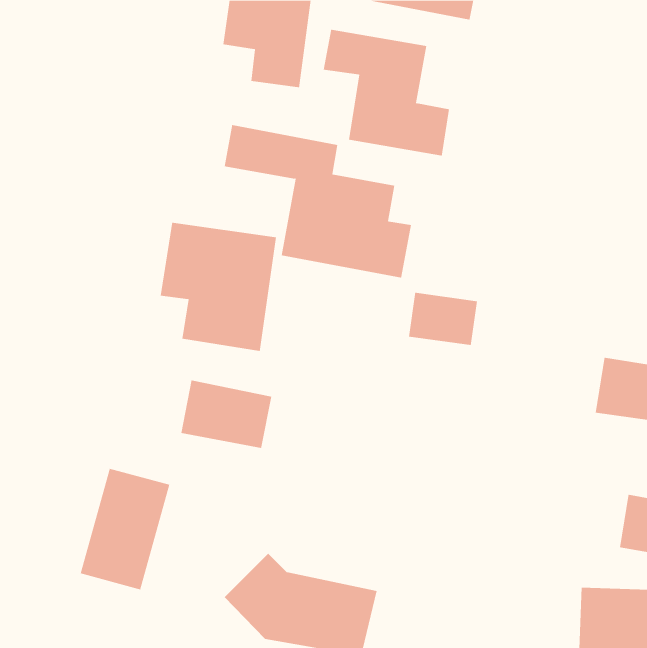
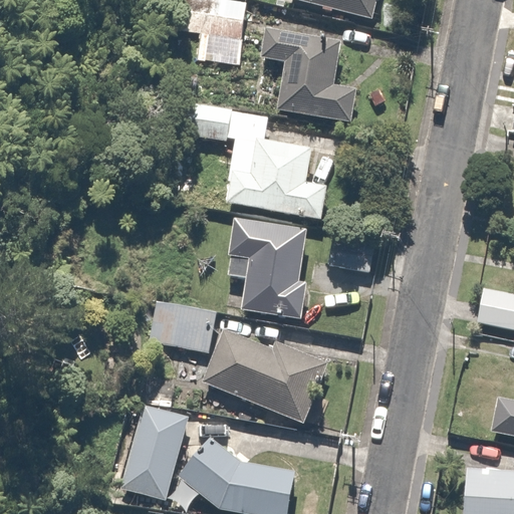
building: [160,222,277,352] -> [220,216,312,318]
building: none -> [203,322,325,423]
building: [80,468,170,590] -> [119,404,191,500]

